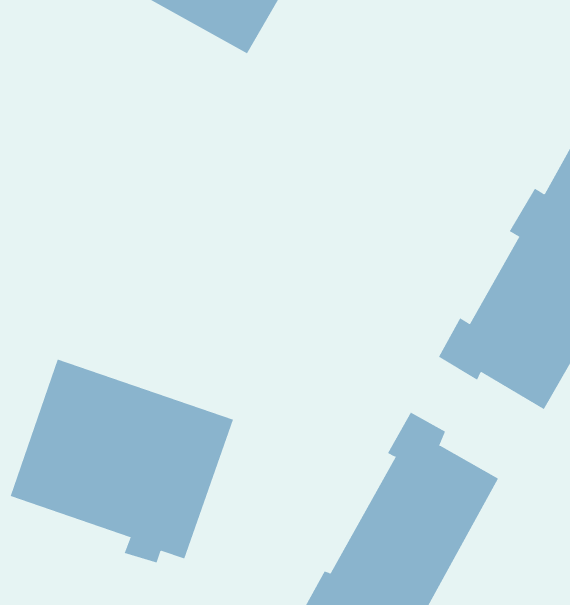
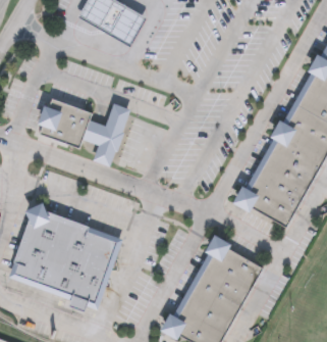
building: none -> [38,97,131,165]

